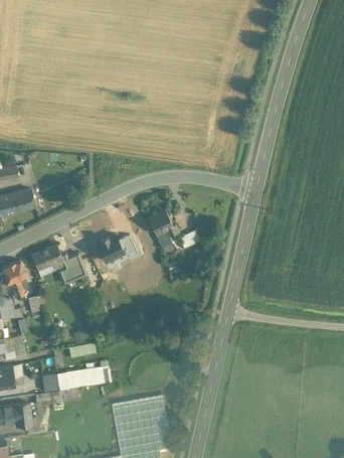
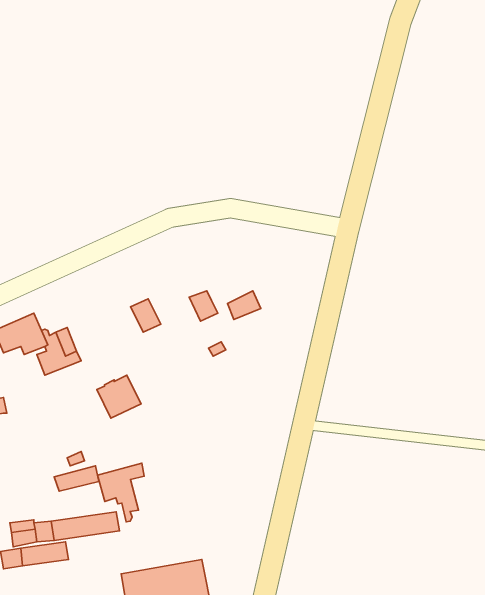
building: [148,209,178,236] -> none
building: [96,234,124,261] -> [97,375,141,418]
building: none -> [98,463,144,522]

